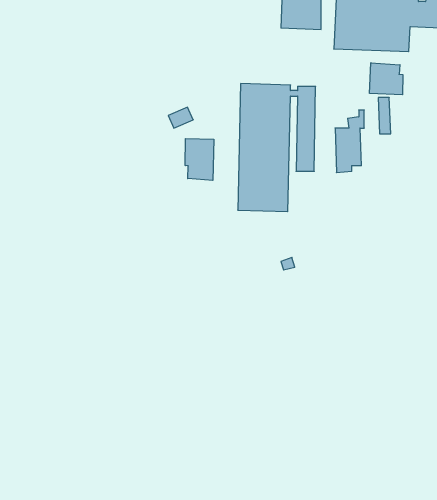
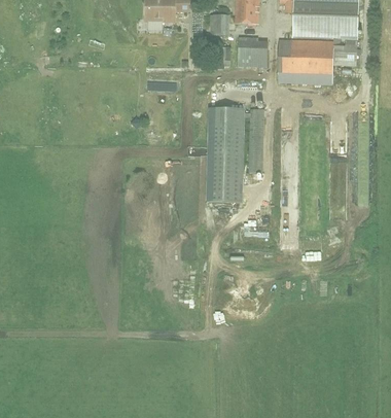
building: [370,63,403,95] -> none
building: [185,139,214,180] -> none

